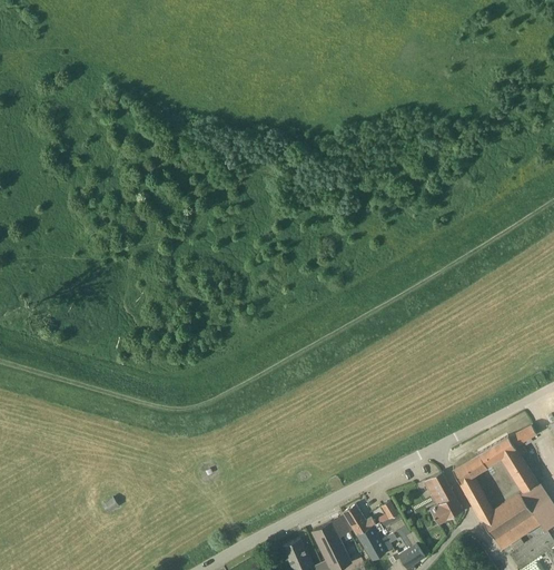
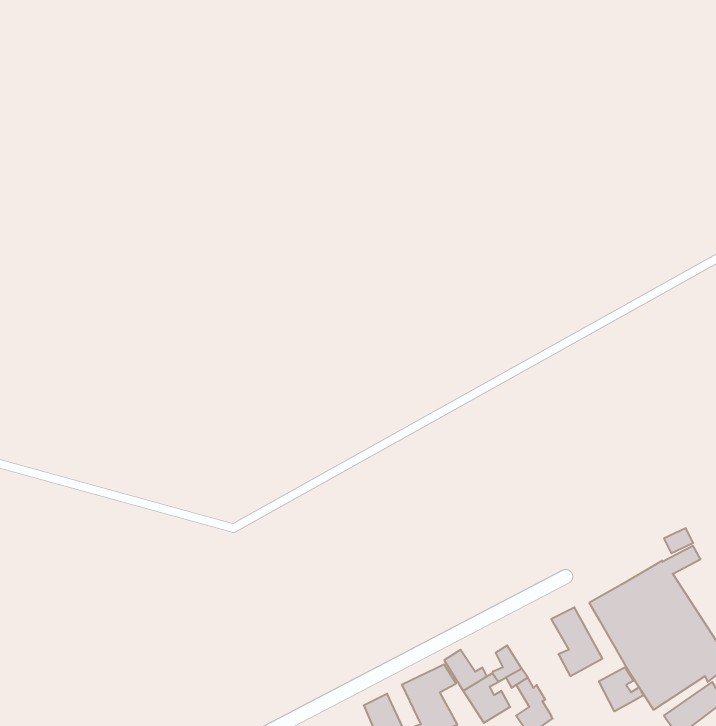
building: none -> [599,667,643,711]

